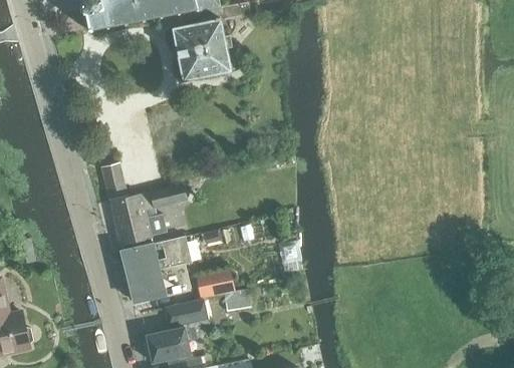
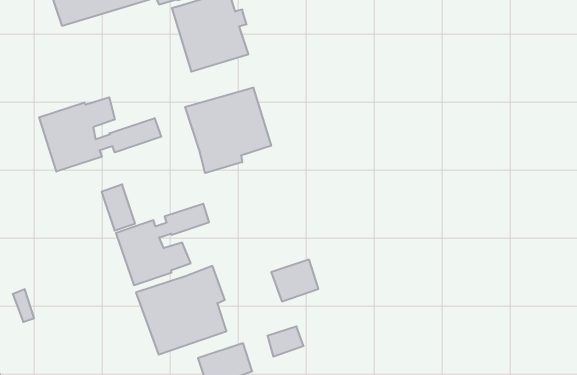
building: none -> [39,97,161,172]
building: none -> [185,87,271,173]
building: [197,268,233,299] -> [271,260,318,301]

